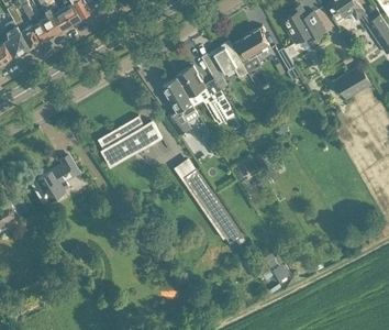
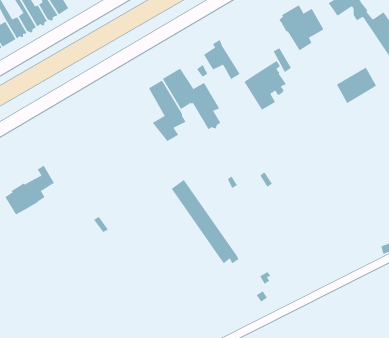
building: [232,26,271,73] -> [244,60,287,111]
building: [98,117,162,167] -> none

